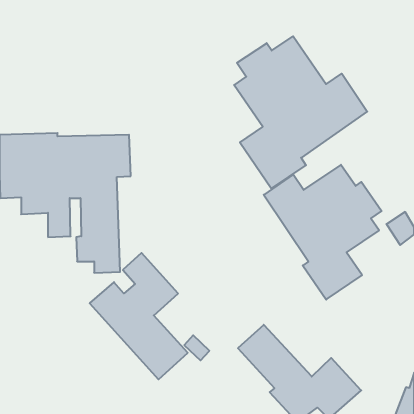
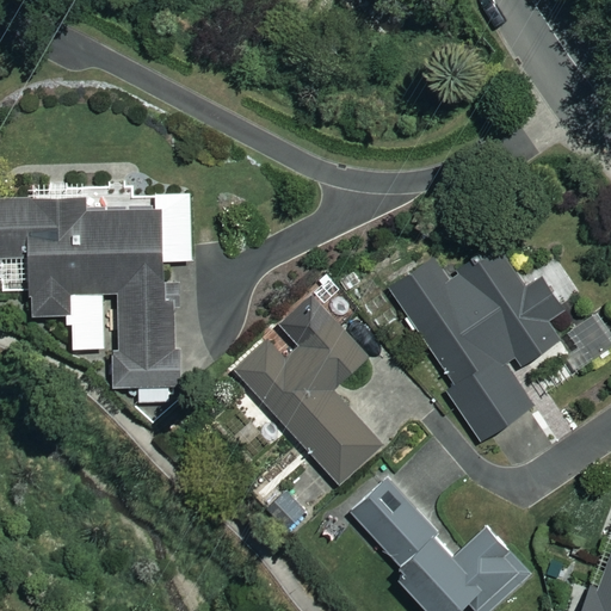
building: [234,36,367,188] -> none
building: [90,253,188,379] -> [235,297,379,483]

